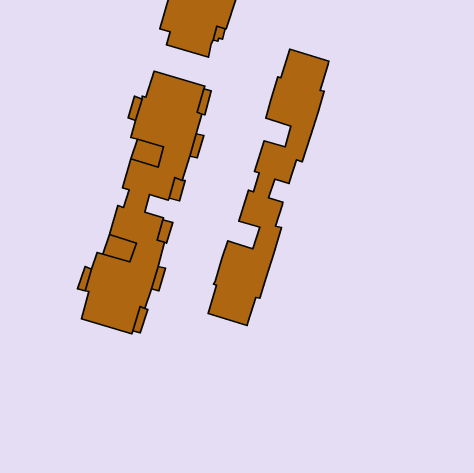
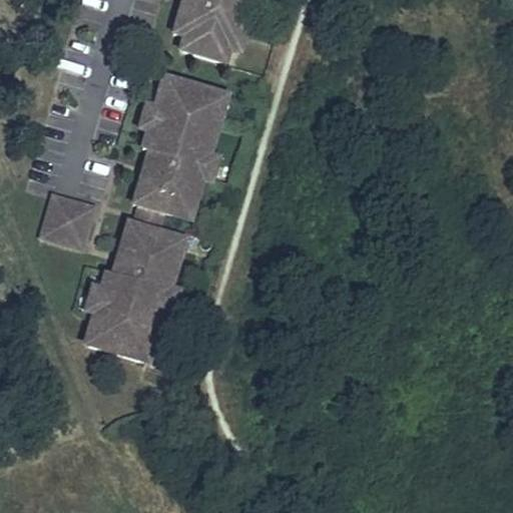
building: [208,49,329,325] -> none
building: none -> [40,194,92,246]

